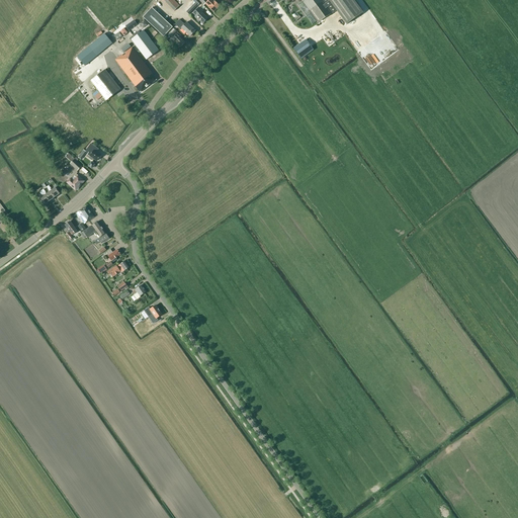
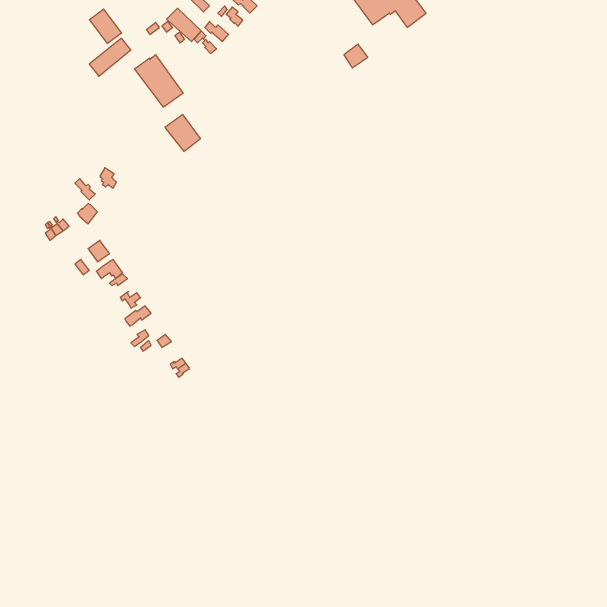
building: [130,29,157,59] -> [89,9,122,44]
building: [89,69,119,100] -> [165,115,201,151]

